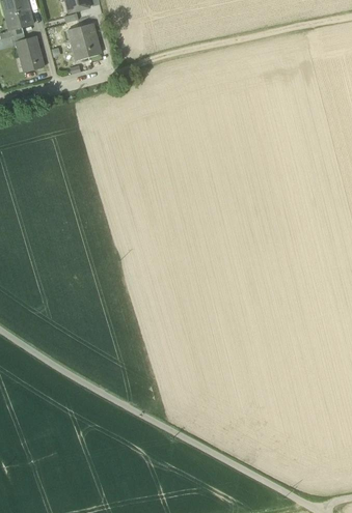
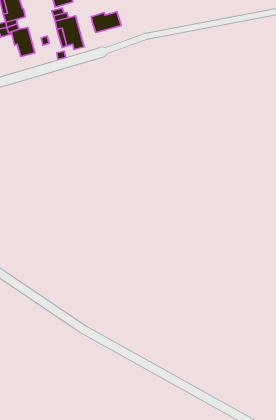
building: none -> [91,12,121,33]

